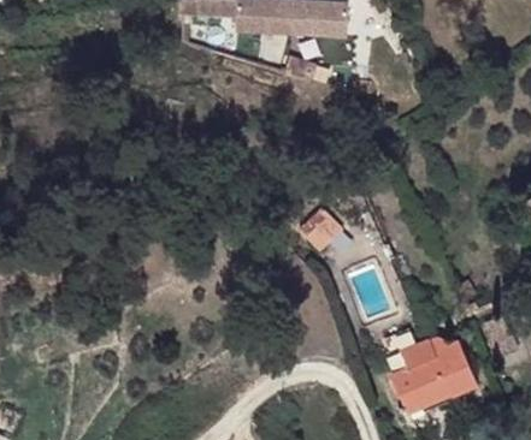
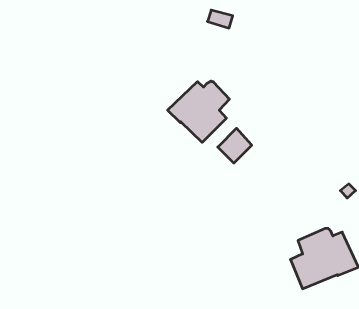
building: none -> [168,81,229,142]

